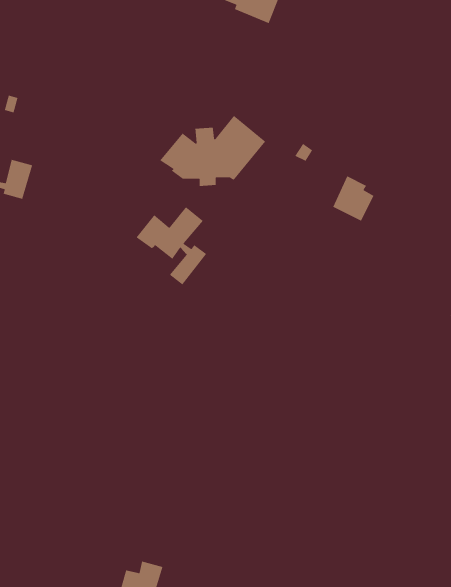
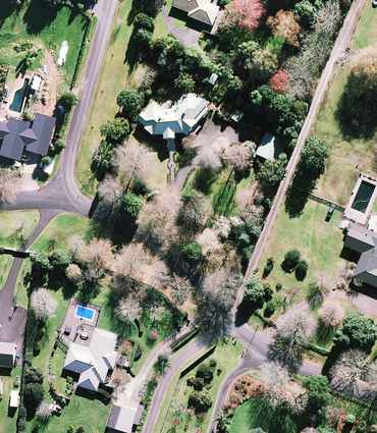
building: [136,206,207,286] -> none
building: none -> [65,328,119,390]

